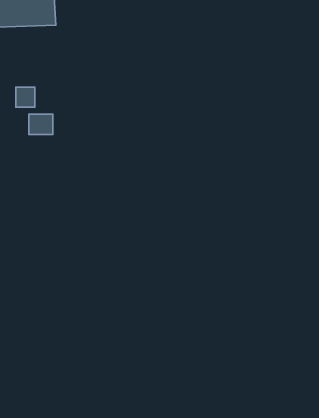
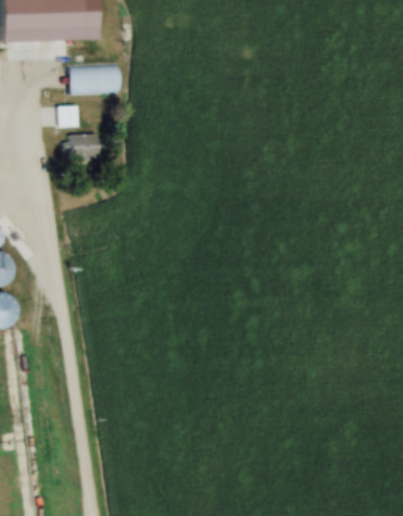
building: none -> [70,65,119,95]

